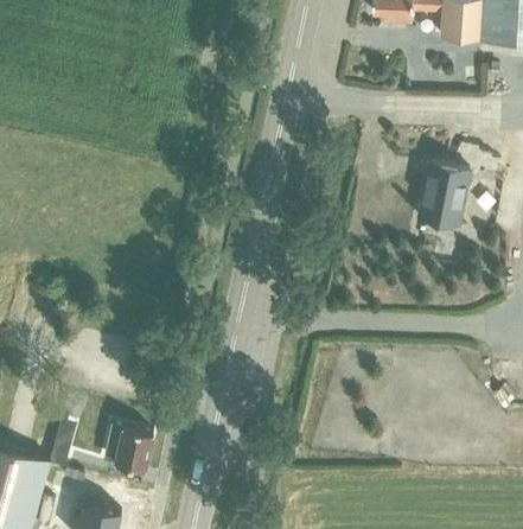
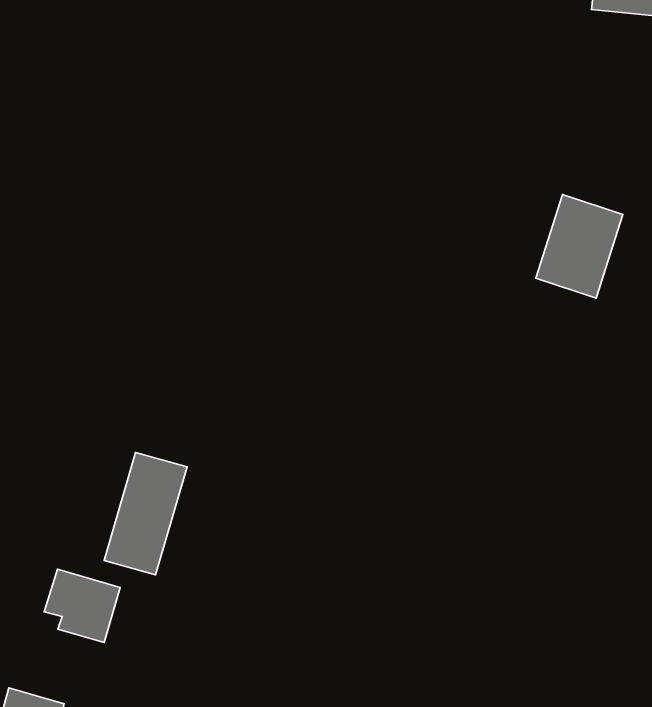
building: none -> [104,453,187,575]

